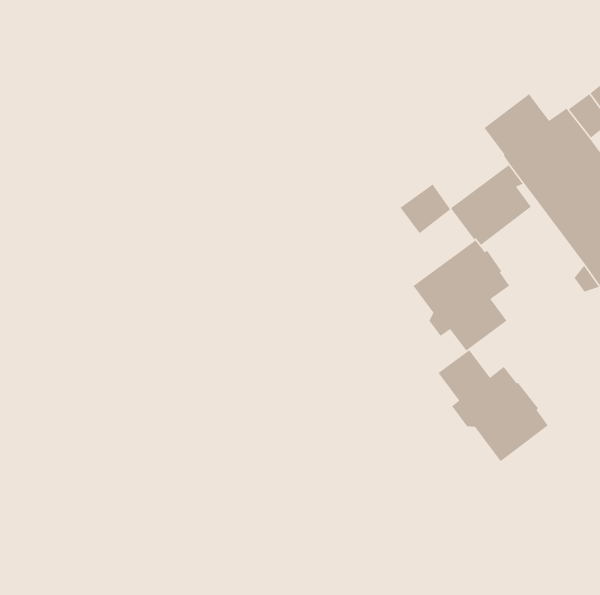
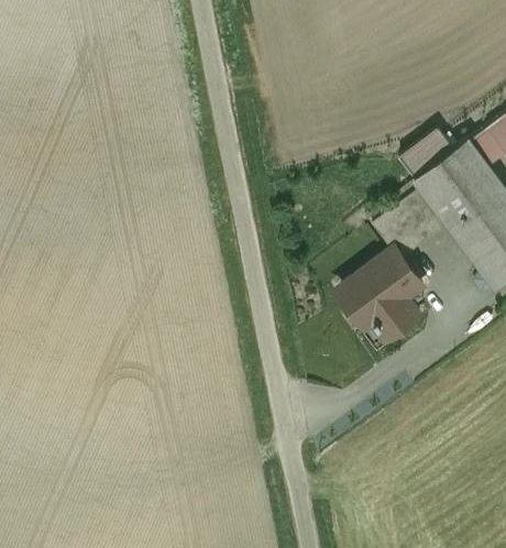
building: [400,184,451,234] -> none
building: [438,349,549,462] -> none

